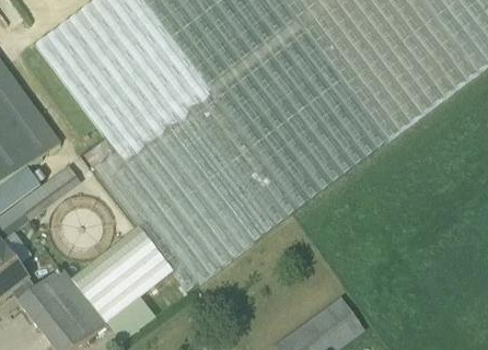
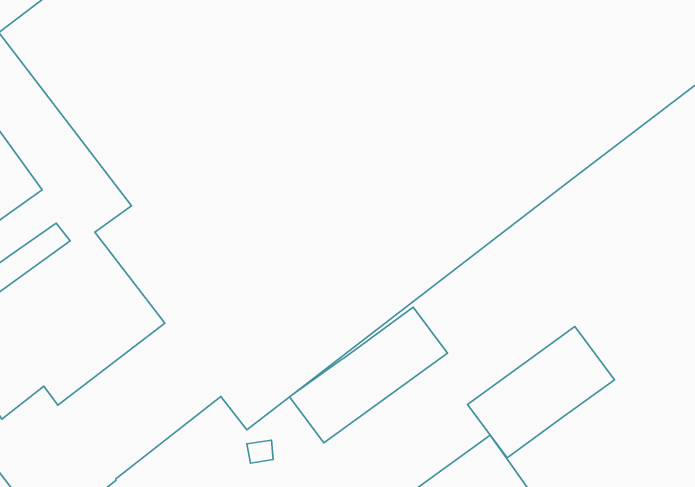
building: none -> [290,307,447,443]
building: none -> [467,326,614,458]

